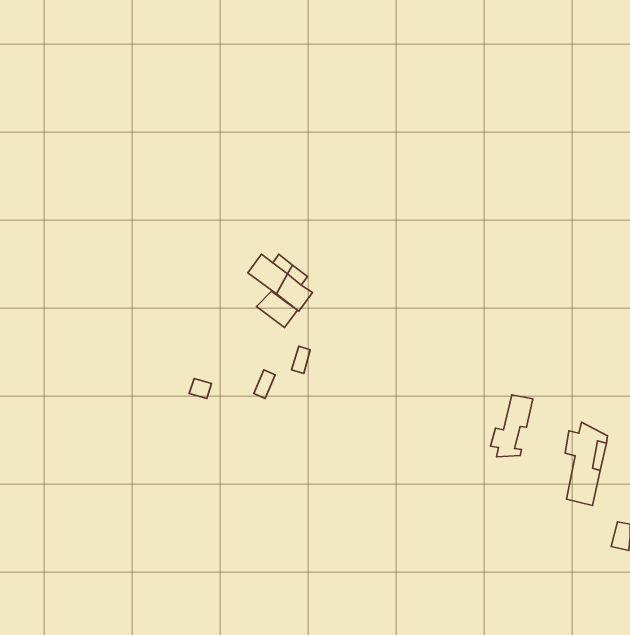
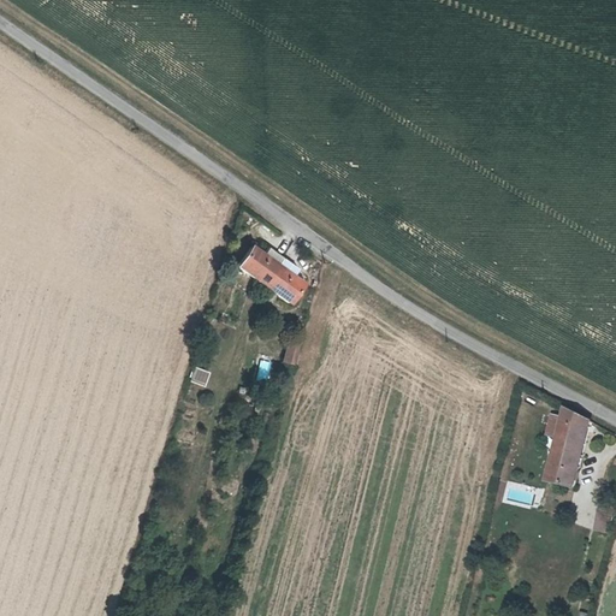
building: [256,291,298,328] -> none
building: [490,395,533,457] -> none

